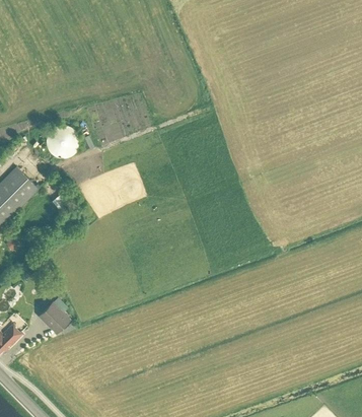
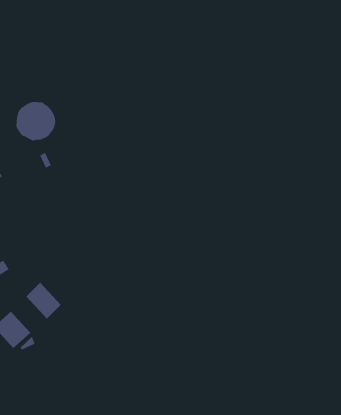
building: none -> [26,282,62,319]

